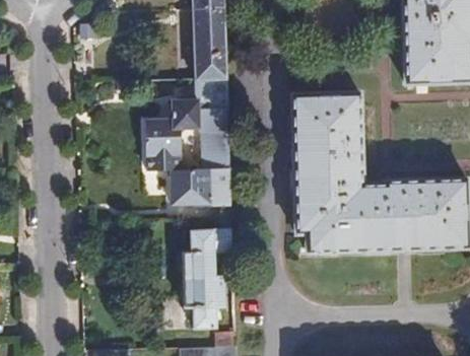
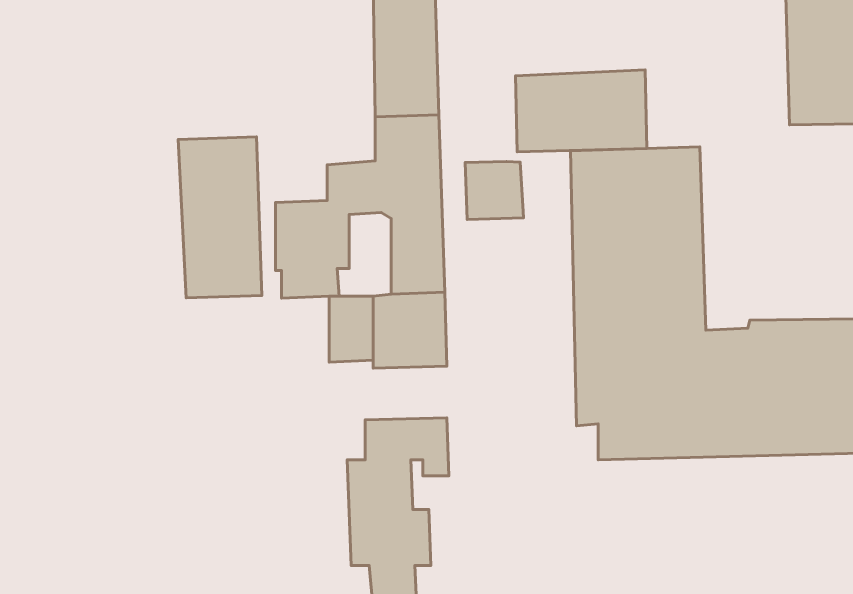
building: none -> [515,70,647,152]
building: none -> [178,137,262,298]
building: none -> [465,161,524,220]

